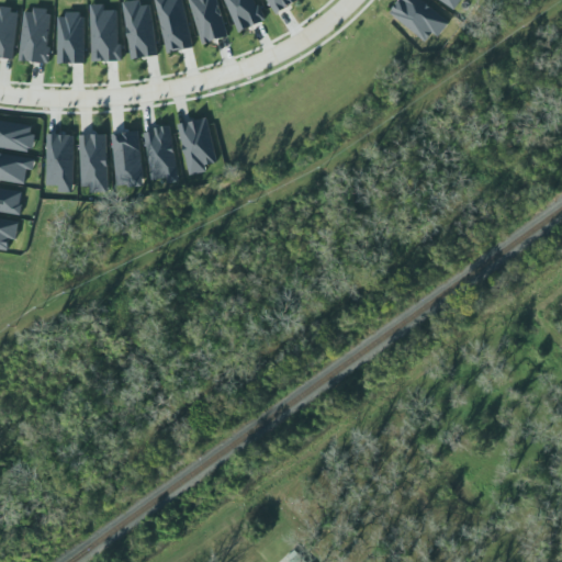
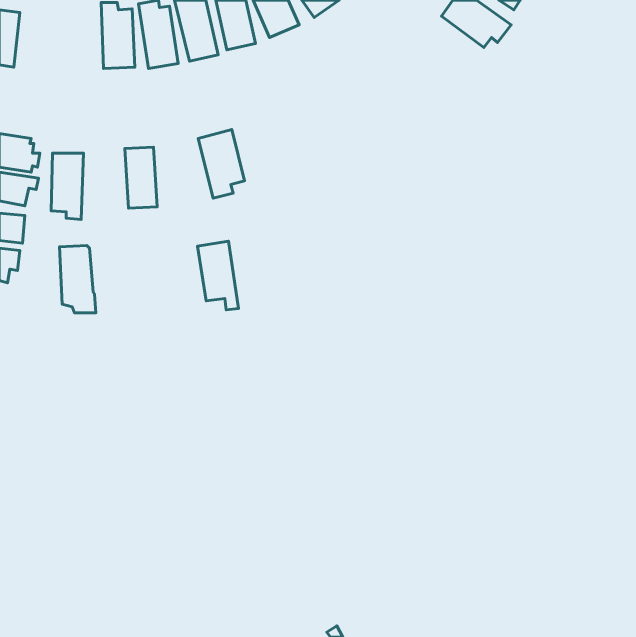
building: [18,9,52,64] -> none
building: [56,11,83,61] -> none
building: [142,124,178,184] -> [197,241,239,310]
building: [77,132,109,191] -> [60,246,96,313]

